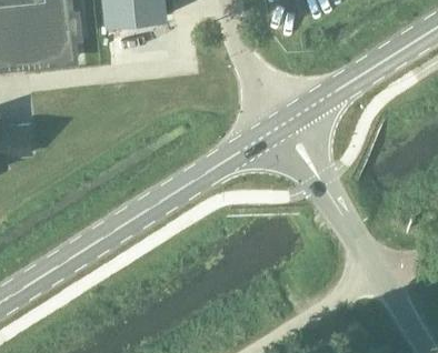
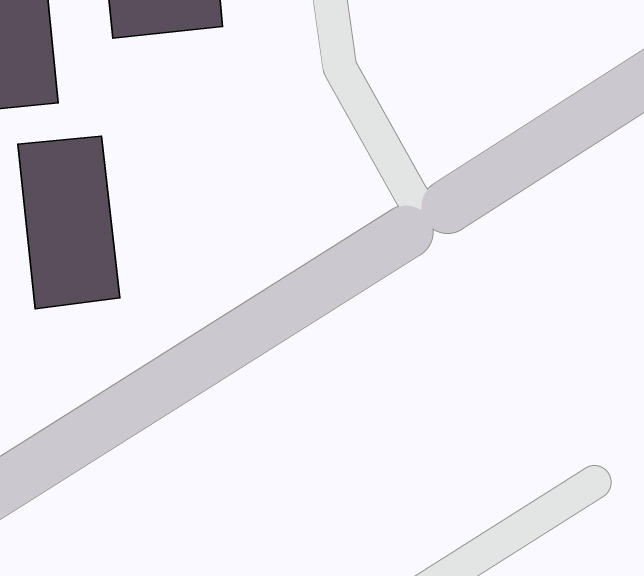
building: none -> [18,136,120,309]

